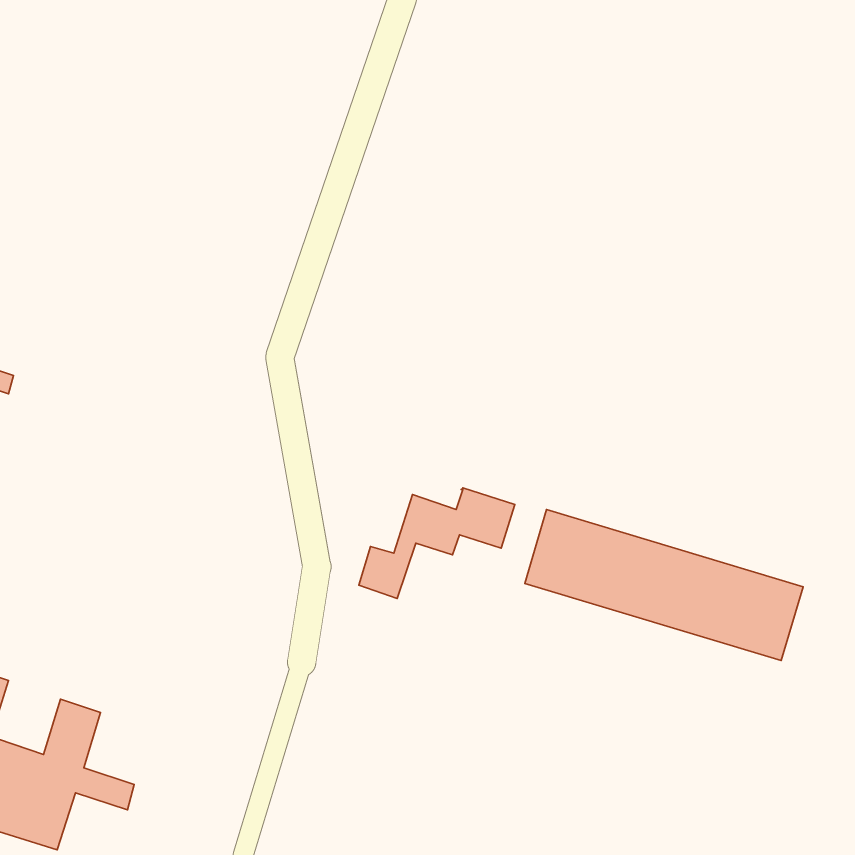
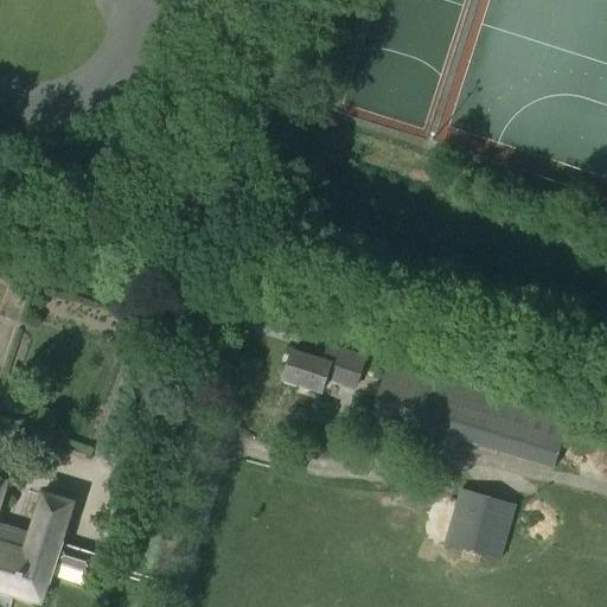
building: none -> [443,488,515,560]

